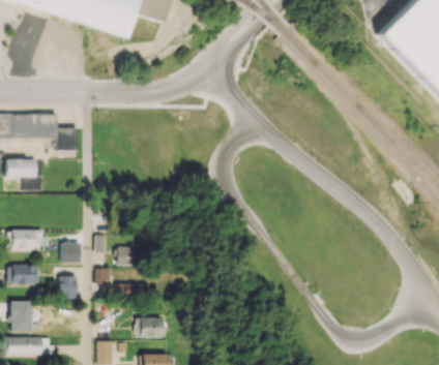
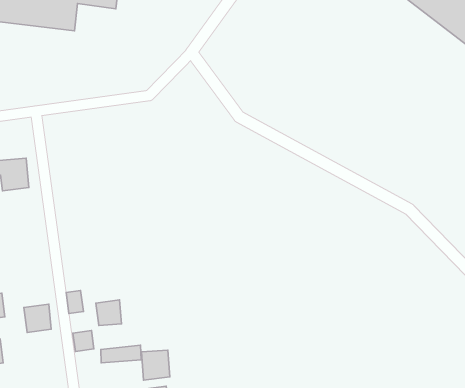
building: [57,276,76,298] -> none
building: none -> [142,350,170,380]

